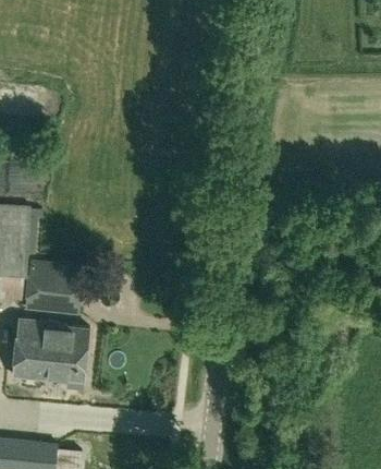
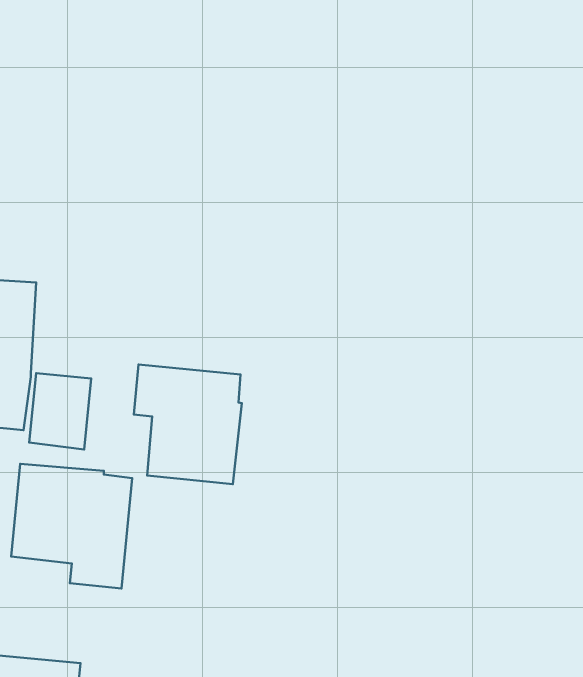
building: none -> [134,364,242,484]

